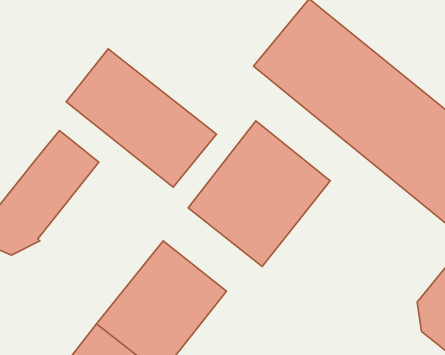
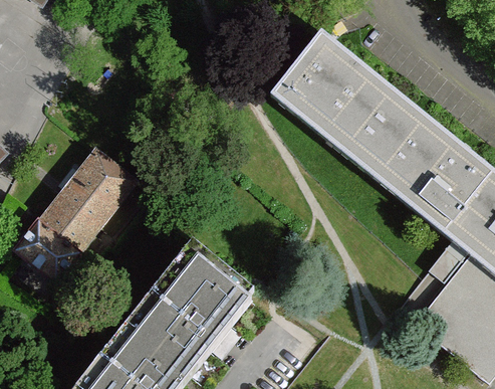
building: [66,49,216,187] -> none
building: [188,121,330,267] -> none

